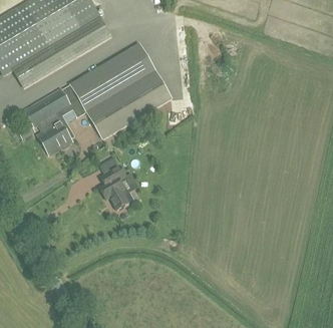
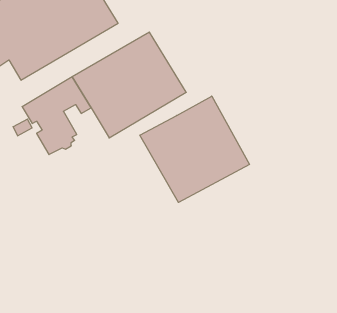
building: none -> [140,96,249,202]
building: [98,165,128,209] -> none

